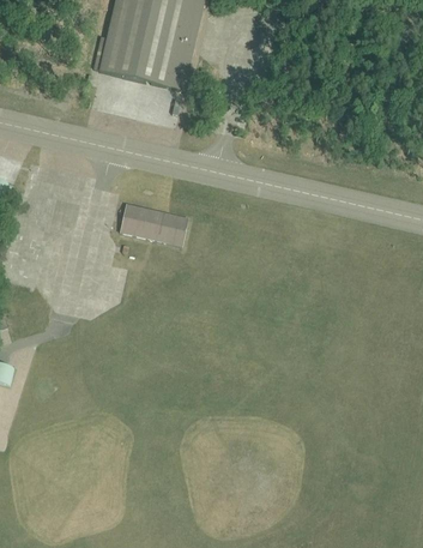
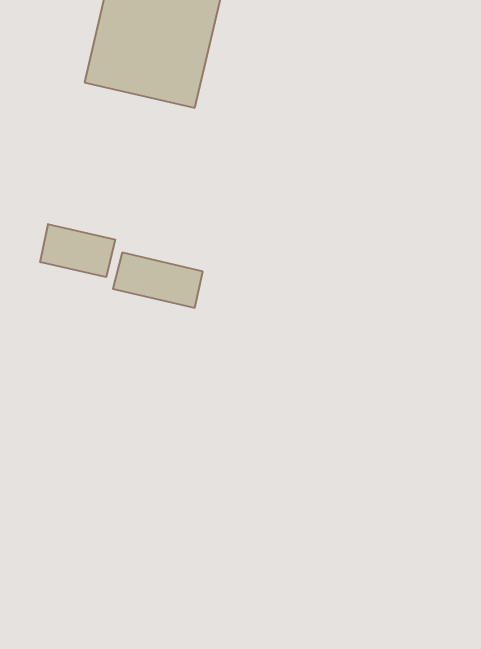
building: none -> [40,224,115,277]

